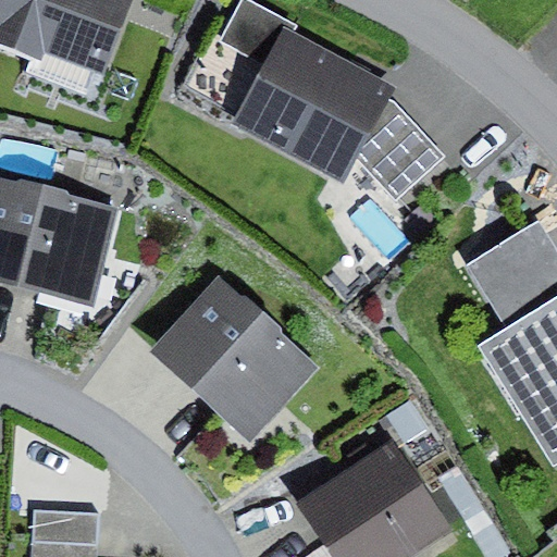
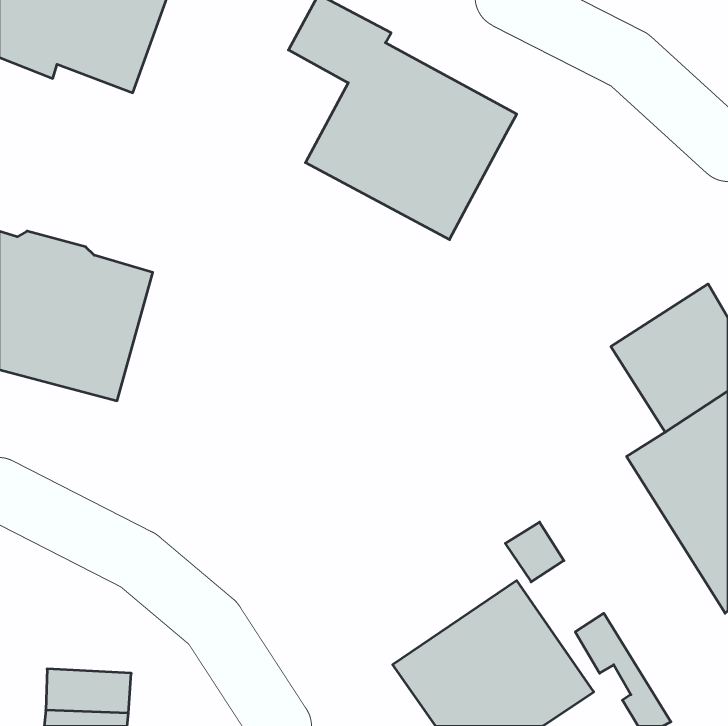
building: [356,99,447,201] -> none
building: [151,275,319,441] -> none

